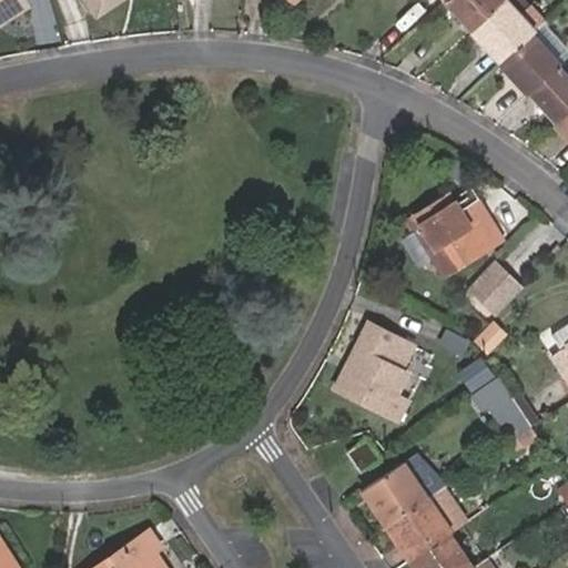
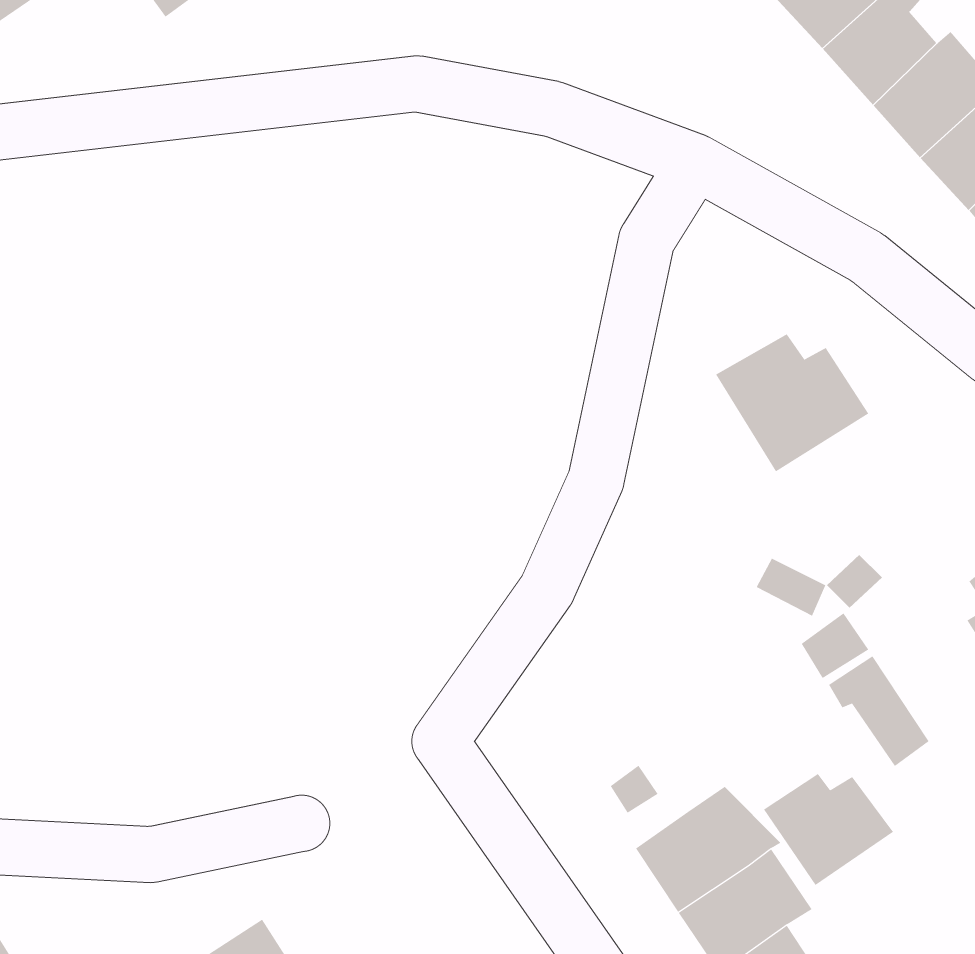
building: [470,264,525,318] -> none
building: [336,322,413,420] -> none
building: none -> [763,773,894,886]

